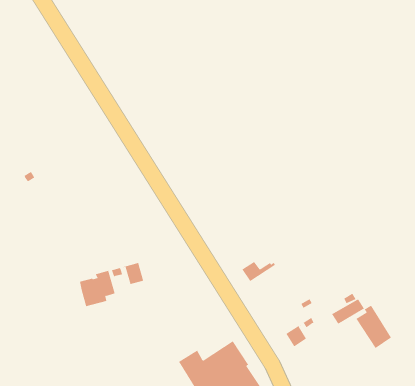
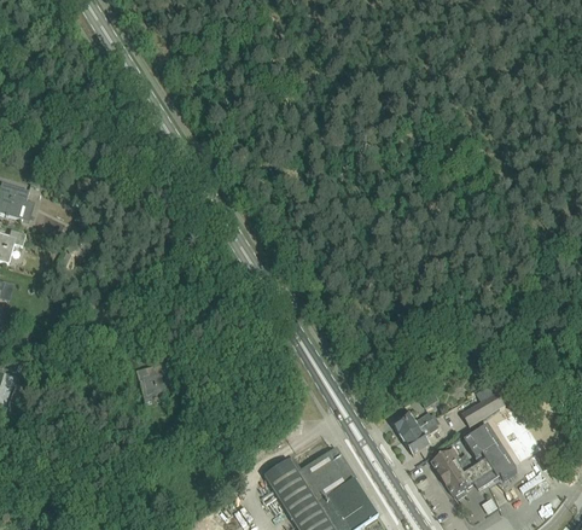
building: [241,261,276,282] -> [391,412,436,438]
building: [111,262,144,285] -> none
building: none -> [431,425,517,496]

